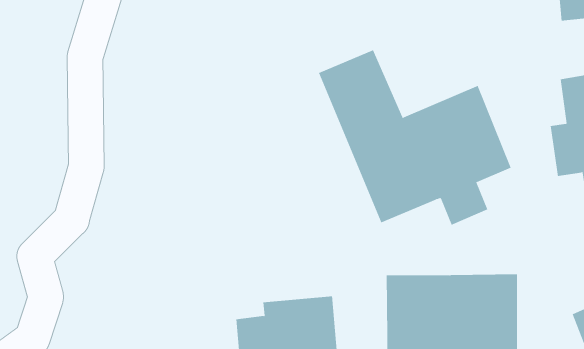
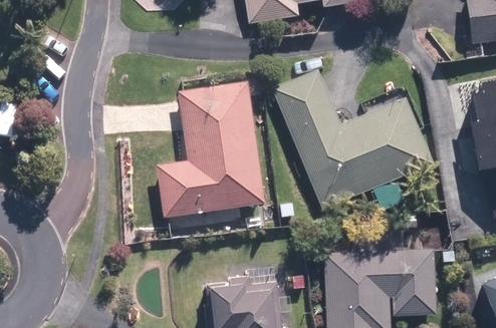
building: none -> [158,81,265,217]

